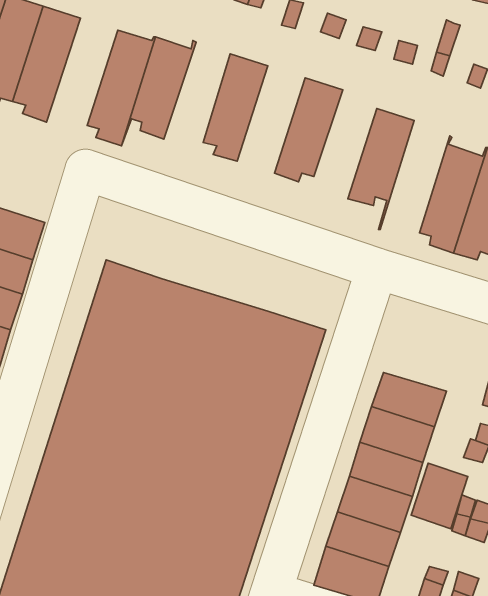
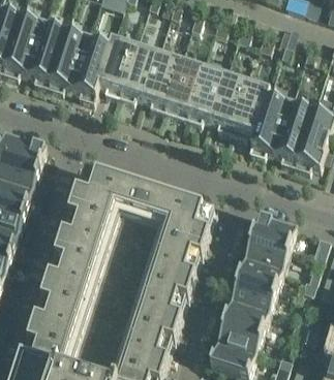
building: none -> [45,23,89,91]
building: none -> [117,37,157,100]
building: none -> [161,52,203,117]
building: none -> [208,66,246,132]
building: none -> [248,85,291,155]
building: none -> [250,215,295,249]
building: [411,463,468,529] -> none

